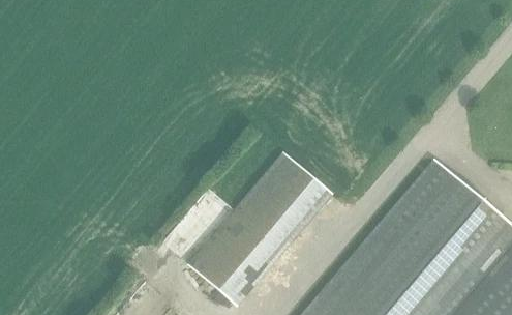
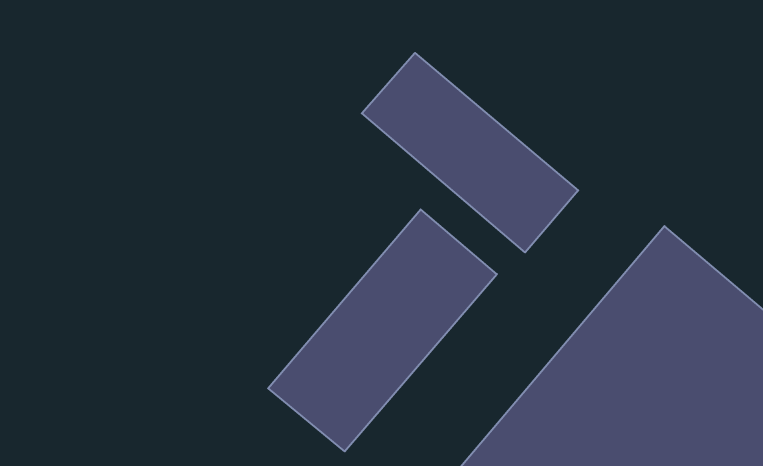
building: none -> [362,53,578,252]

